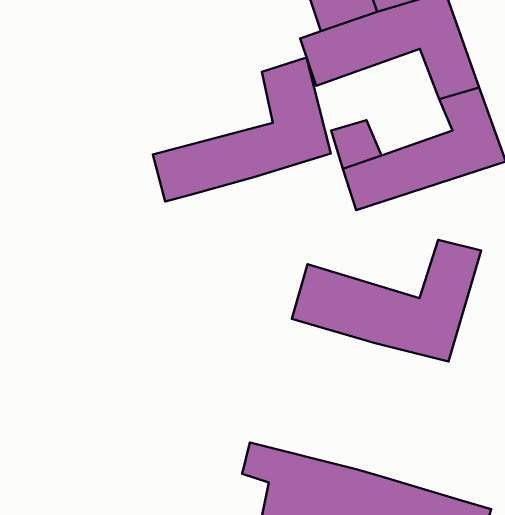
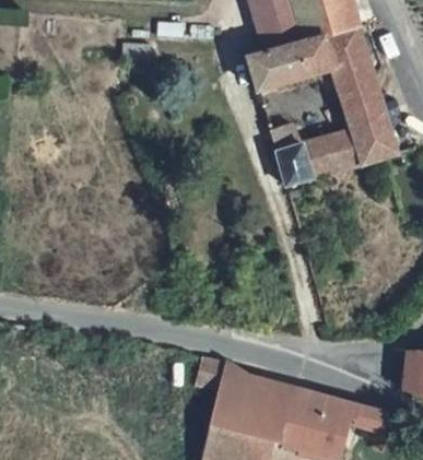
building: [153,58,331,201] -> none
building: [292,240,481,361] -> none

